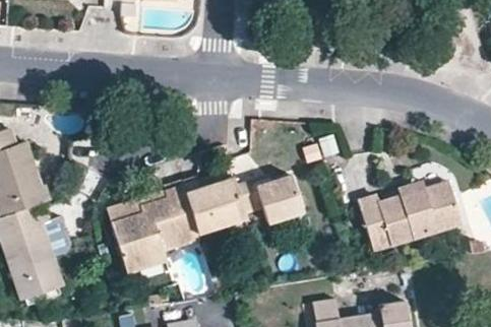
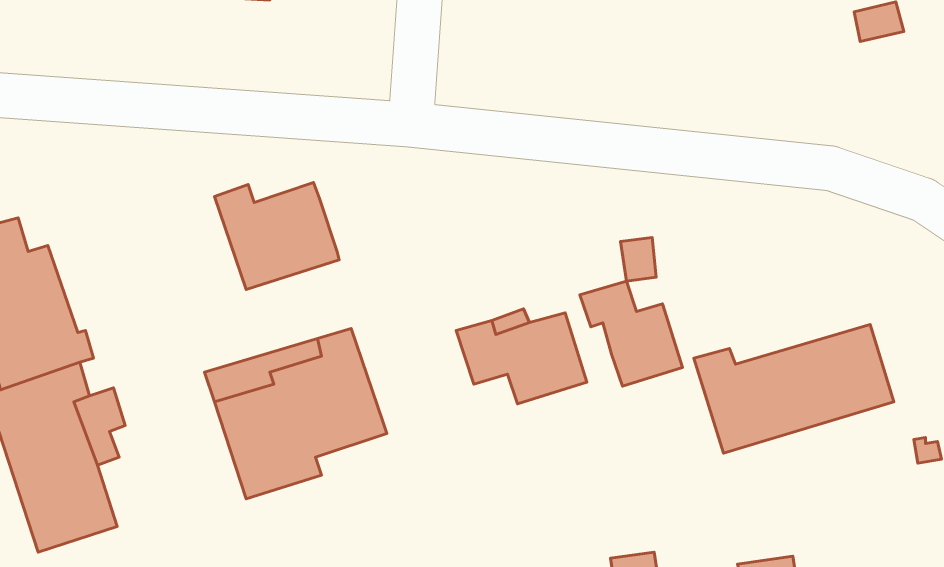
building: none -> [580,281,683,386]
building: [181,177,245,232] -> [214,183,339,290]

